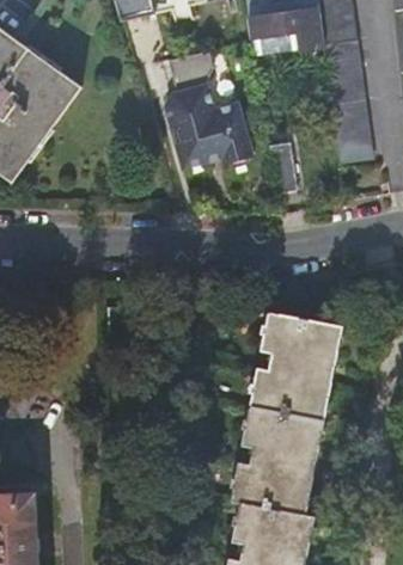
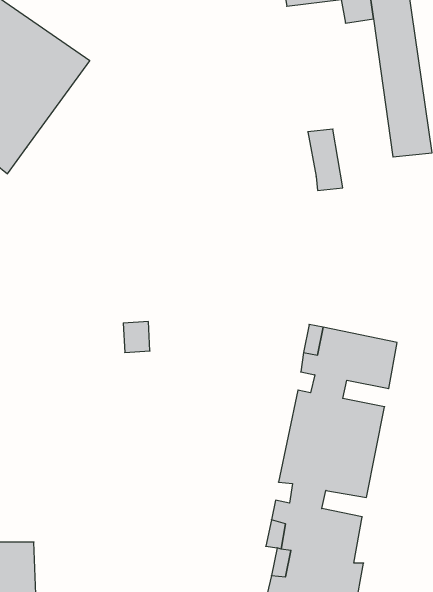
building: [165,53,254,172] -> none

